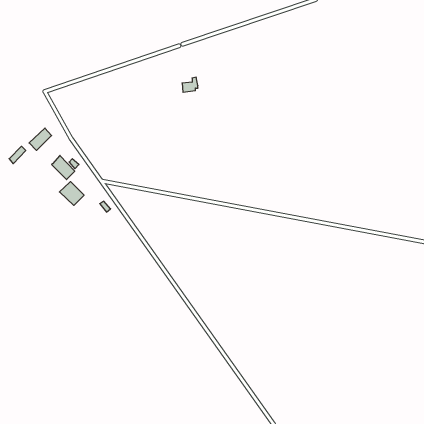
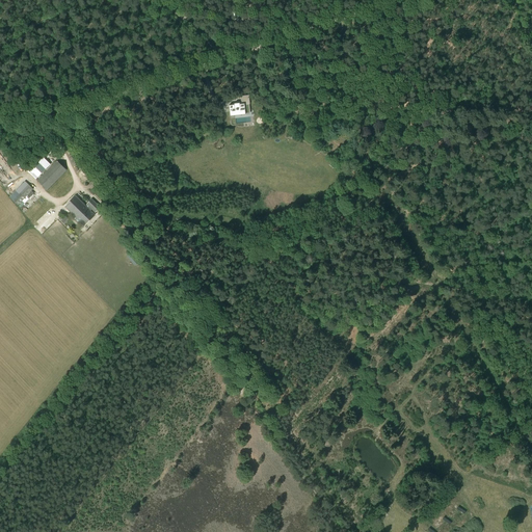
building: [59,182,84,205] -> none

